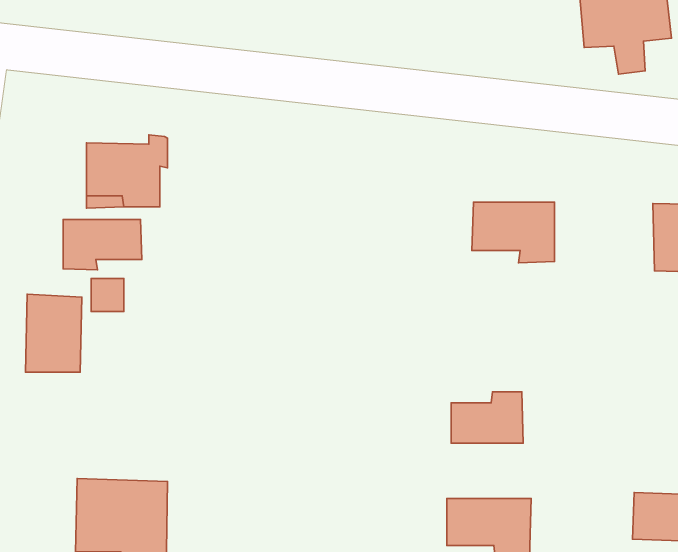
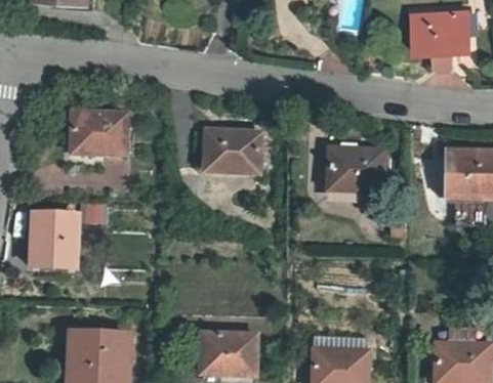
building: none -> [209,129,260,170]
building: [63,219,142,270] -> none
building: [451,392,523,443] -> none
building: none -> [201,332,256,372]

